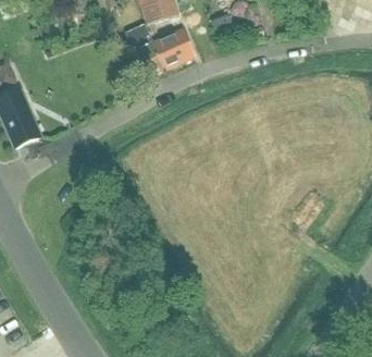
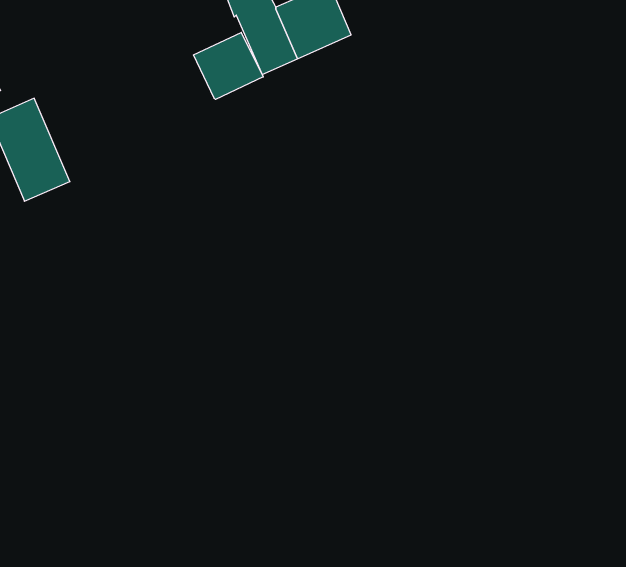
building: none -> [193,32,263,99]

